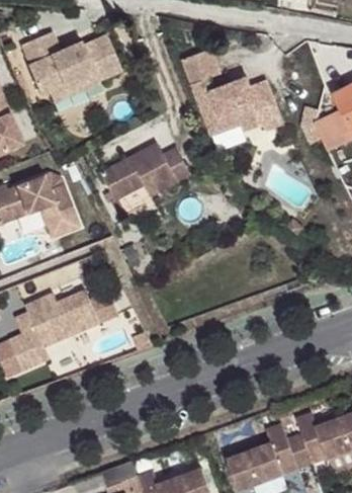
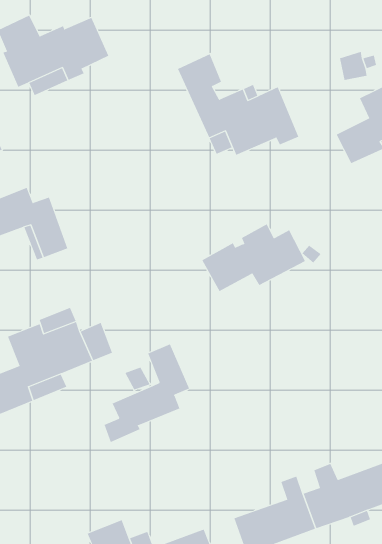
building: [101,144,191,202] -> [201,224,306,292]
building: none -> [104,344,190,443]

